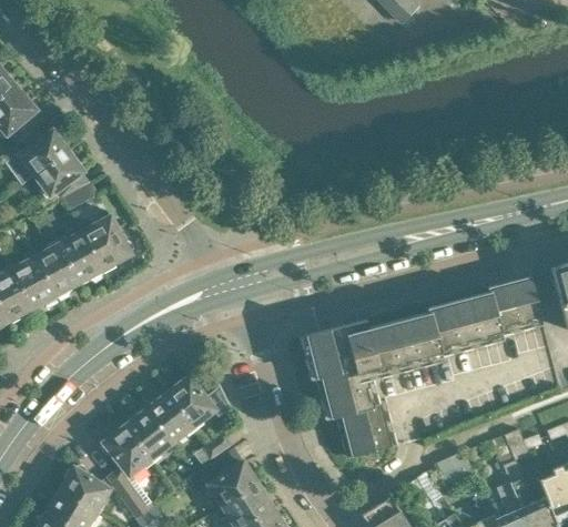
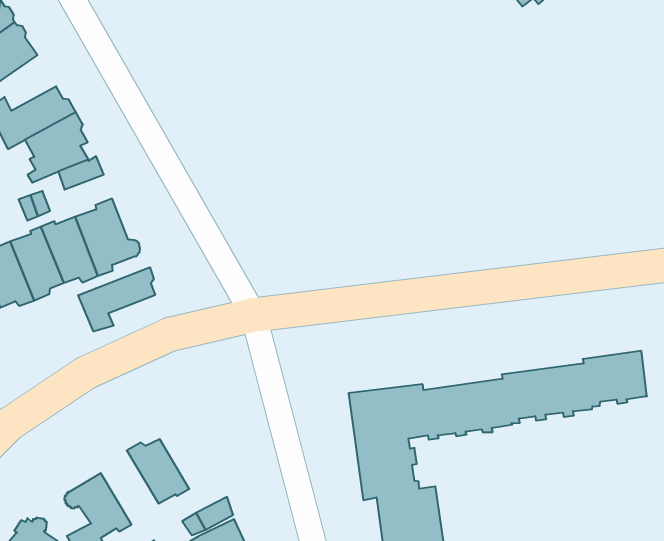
building: none -> [78,267,155,331]
building: [168,376,229,429] -> none
building: [125,406,173,463] -> none

